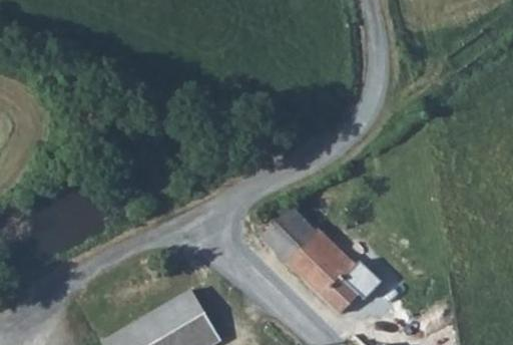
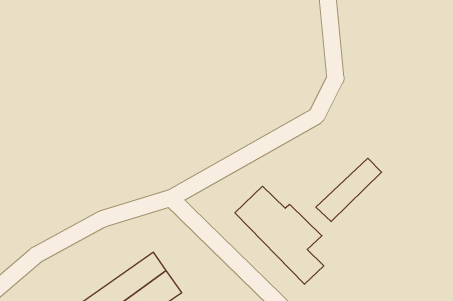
building: none -> [316,158,382,222]

